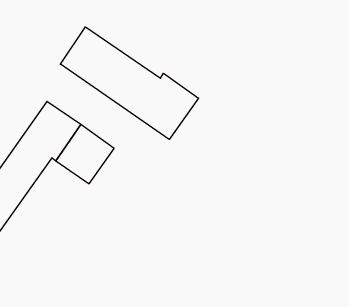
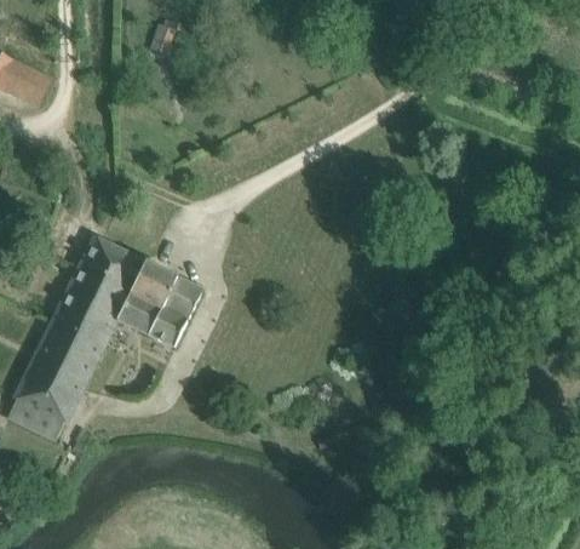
building: [60,27,199,139] -> none

